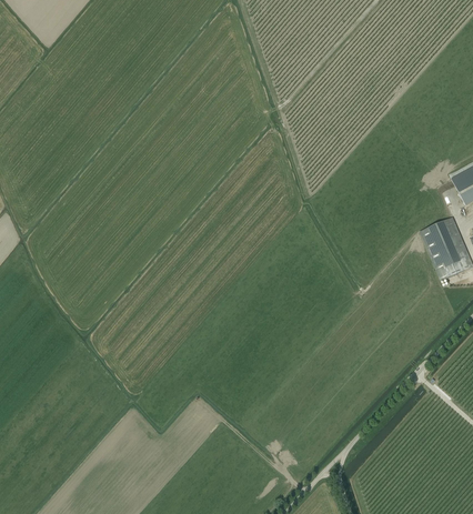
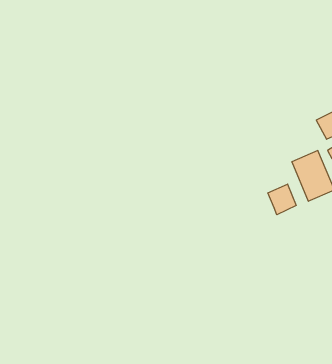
building: none -> [268,184,296,215]

